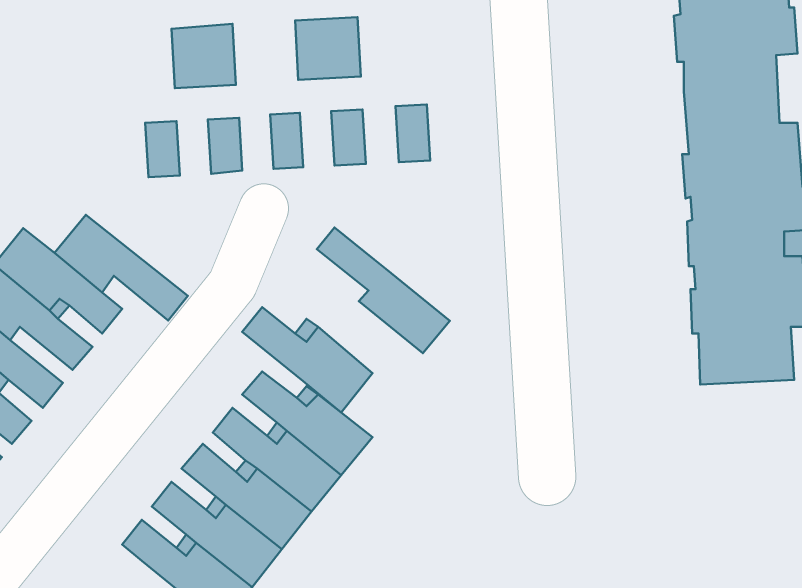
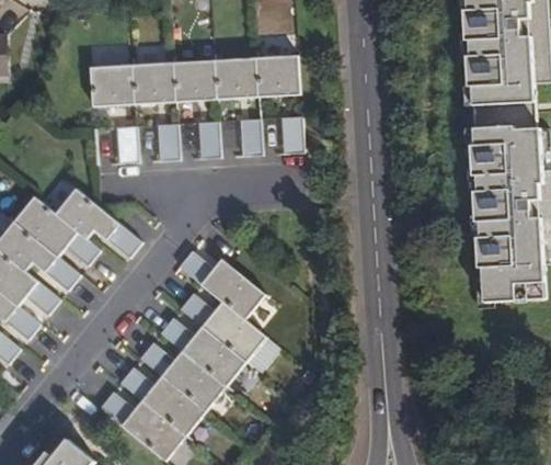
building: none -> [254,55,299,97]
building: none -> [171,59,215,102]
building: none -> [89,65,133,106]
building: [317,227,450,353] -> none

